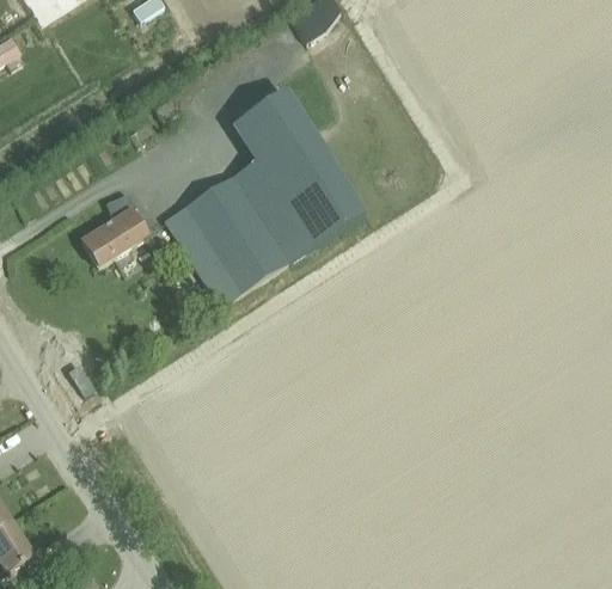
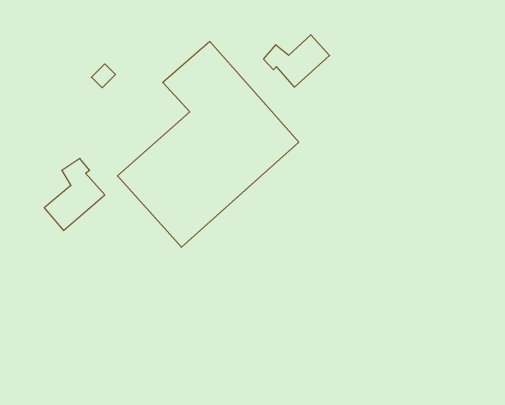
building: none -> [264,35,330,87]

